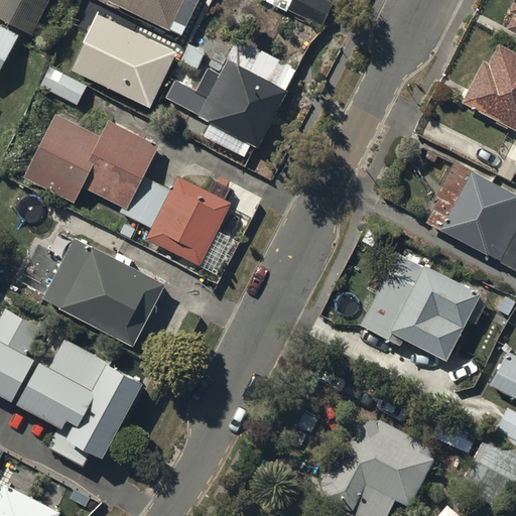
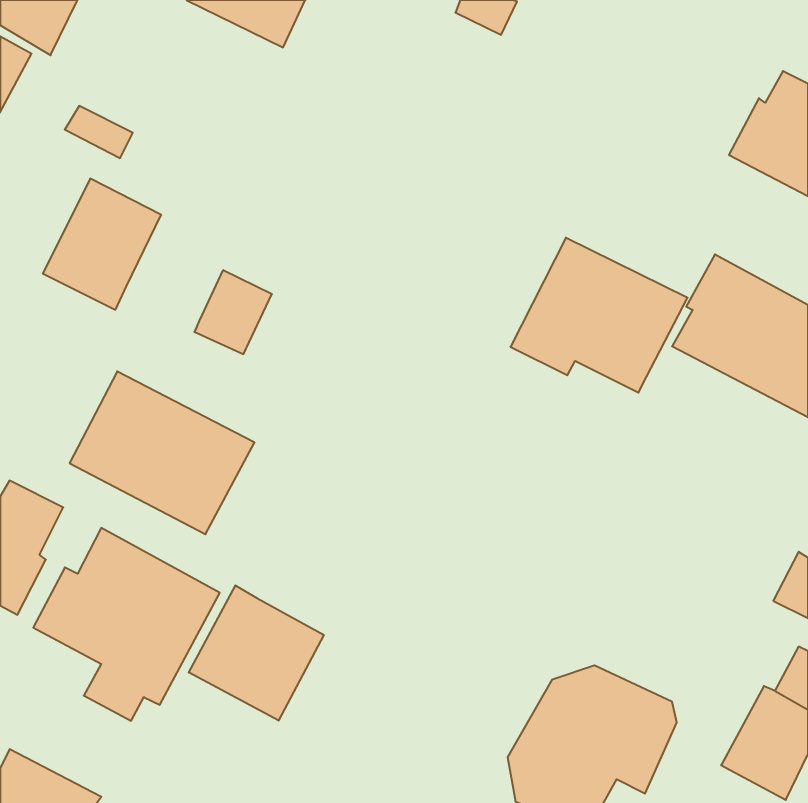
building: [73,16,174,105] -> none
building: [164,42,295,151] -> none
building: [81,125,156,208] -> none
building: [151,179,228,261] -> none
building: [363,257,476,356] -> [510,238,688,393]
building: none -> [189,585,324,721]

